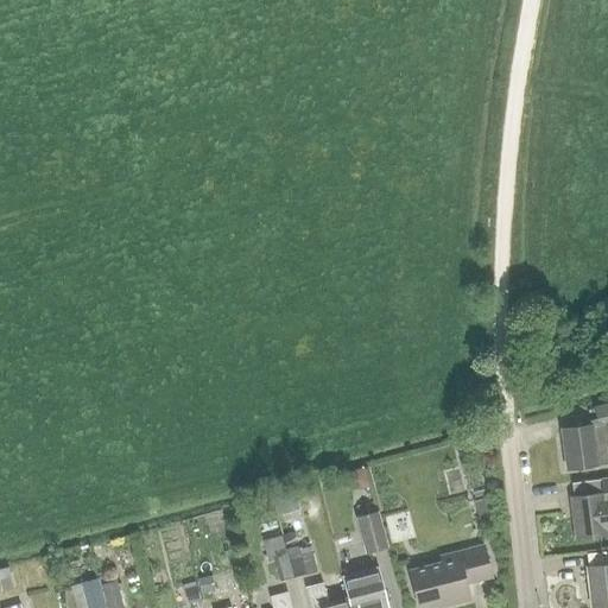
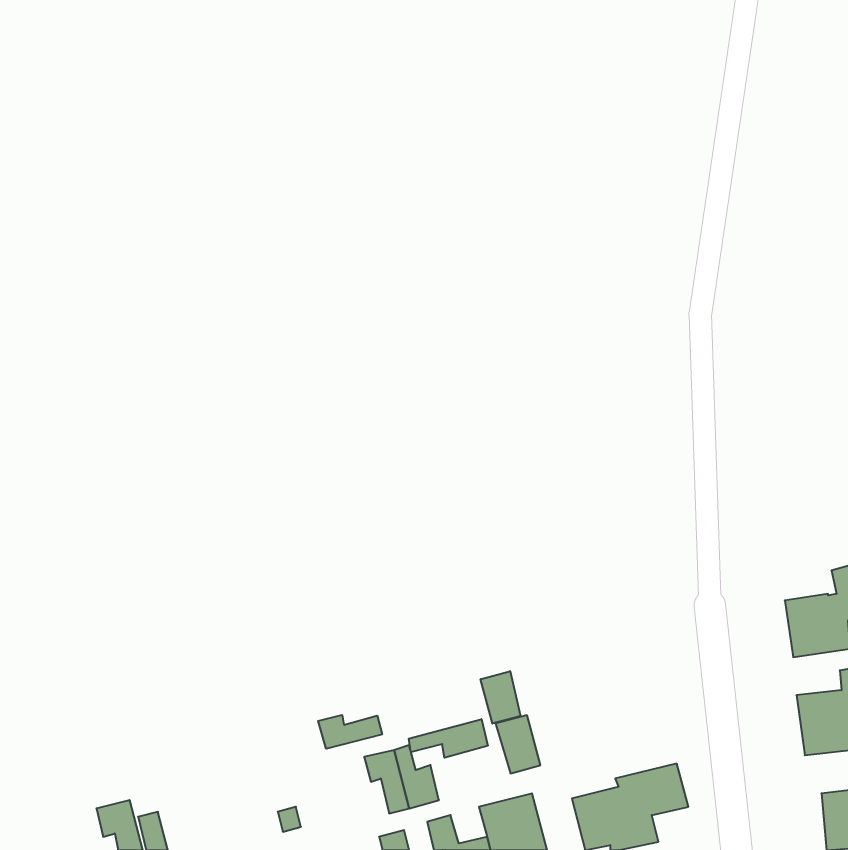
building: none -> [481,671,521,724]
building: none -> [318,715,382,749]
building: none -> [409,719,488,758]

